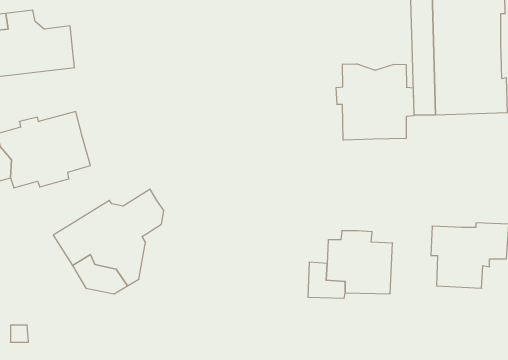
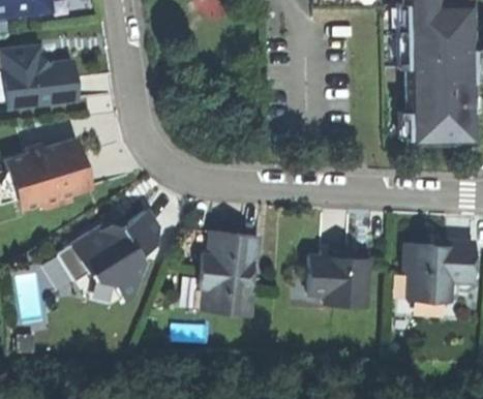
building: [336,64,414,140] -> none
building: none -> [201,231,262,314]

